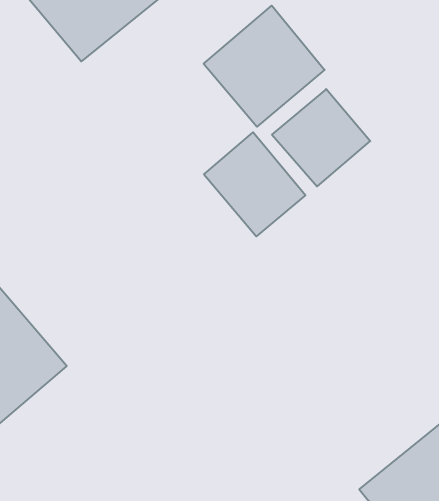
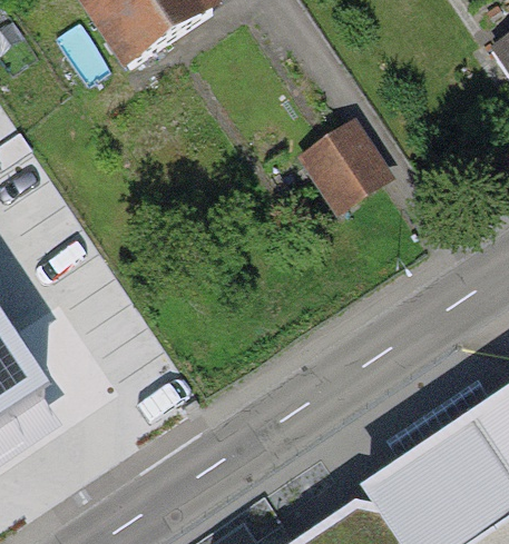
building: [204,6,325,127] -> none
building: [204,132,305,236] -> none

